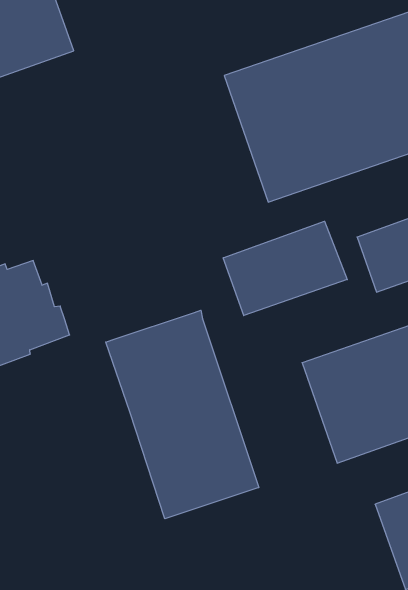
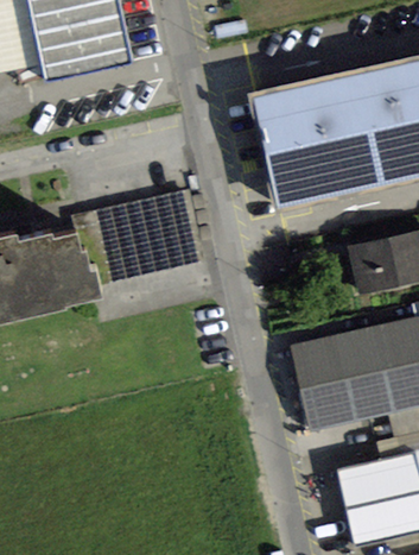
building: none -> [72,190,203,284]
building: [223,221,347,316] -> none
building: [106,310,259,519] -> none

